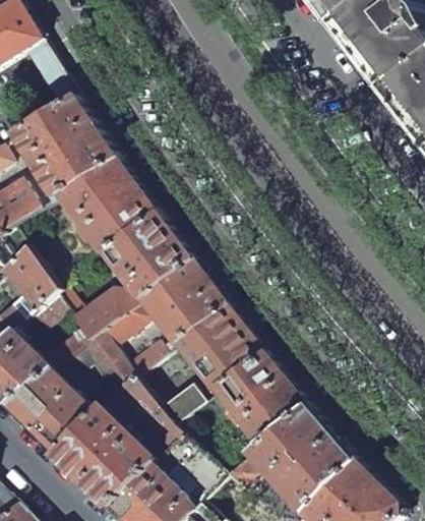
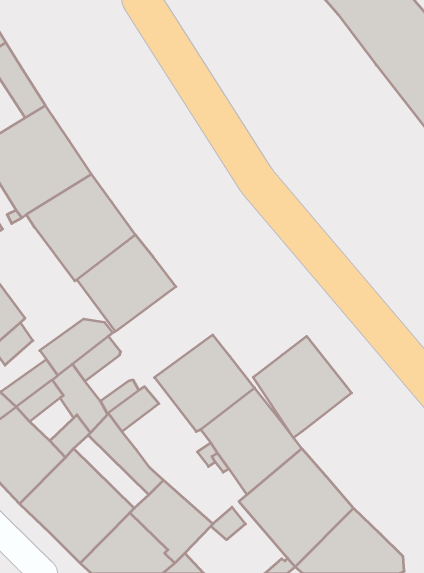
building: [142,260,228,348] -> none
building: none -> [253,336,352,438]
building: [159,385,202,424] -> none

